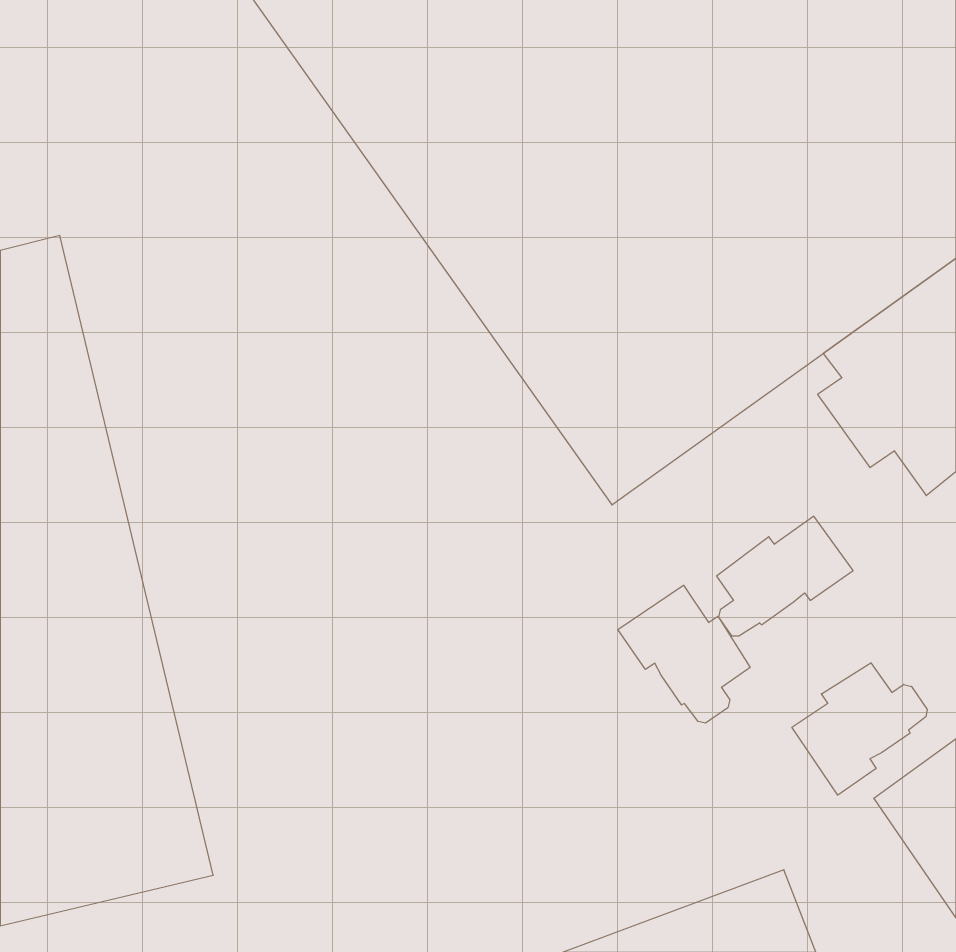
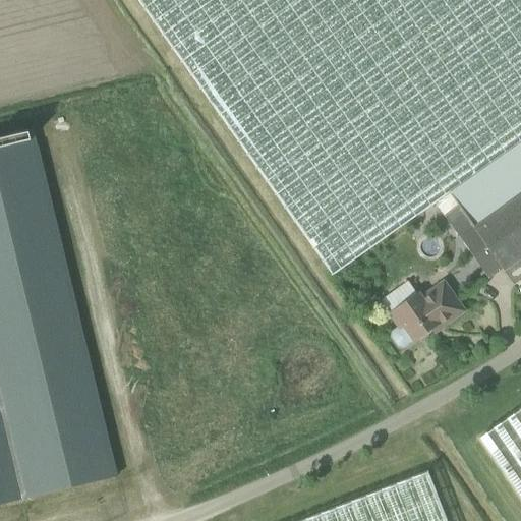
building: [618,585,750,723] -> none
building: [792,663,927,795] -> none

